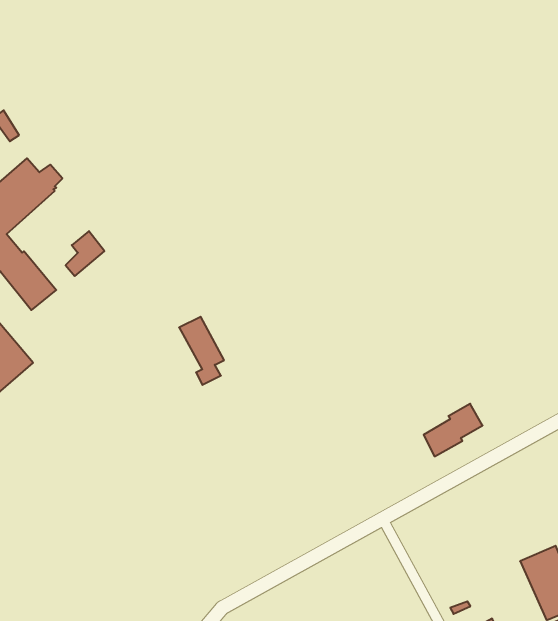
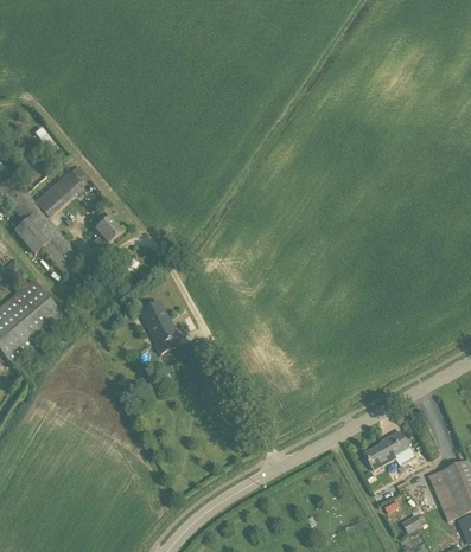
building: [179,317,224,385] -> [142,302,177,354]
building: [424,404,483,456] -> [364,430,409,470]

